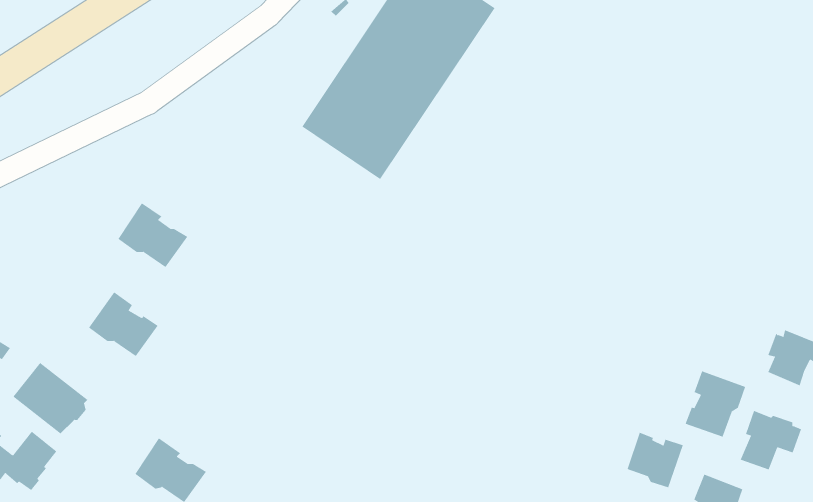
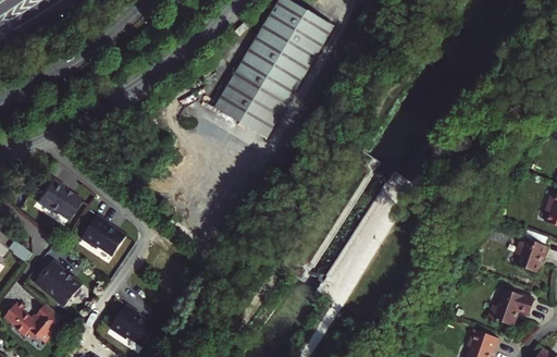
building: [118,203,188,268] -> [35,176,79,218]
building: [685,371,746,438] -> none
building: [627,432,683,488] -> none

